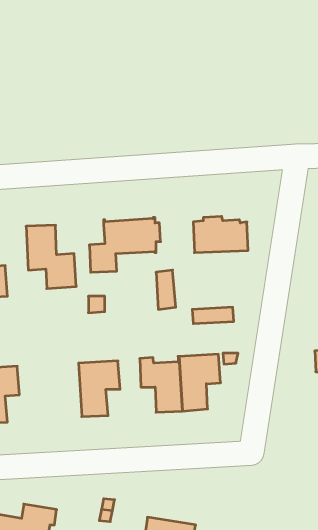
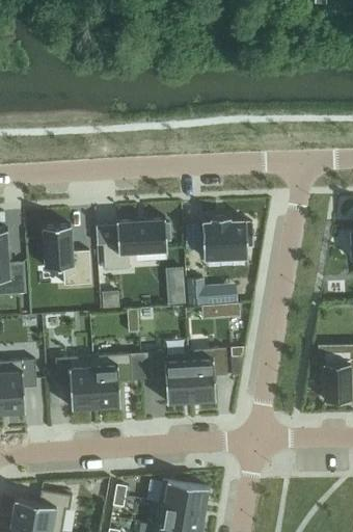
building: none -> [188,278,221,304]
building: none -> [55,356,96,409]
building: none -> [158,480,208,510]

